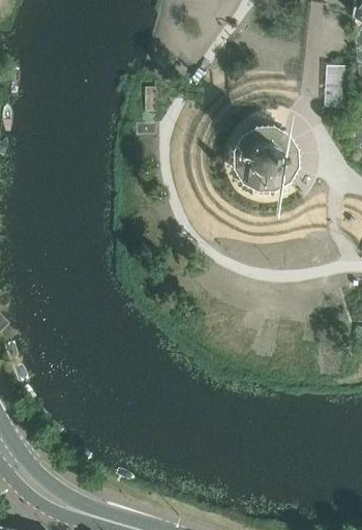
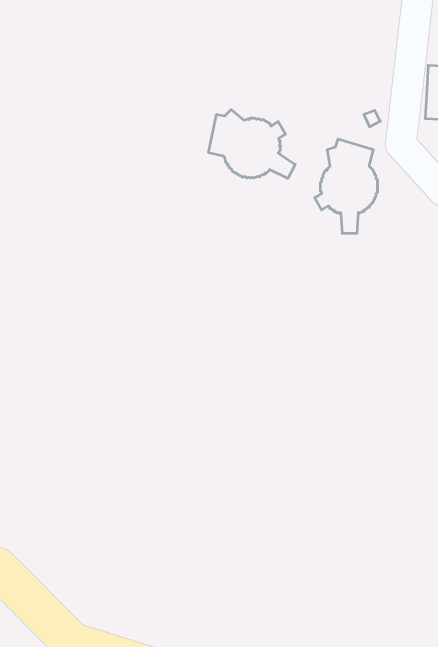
building: none -> [209,110,295,178]

